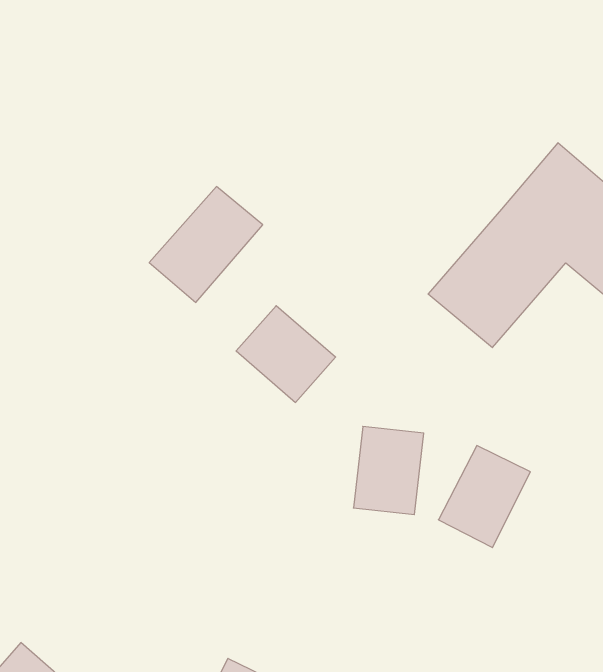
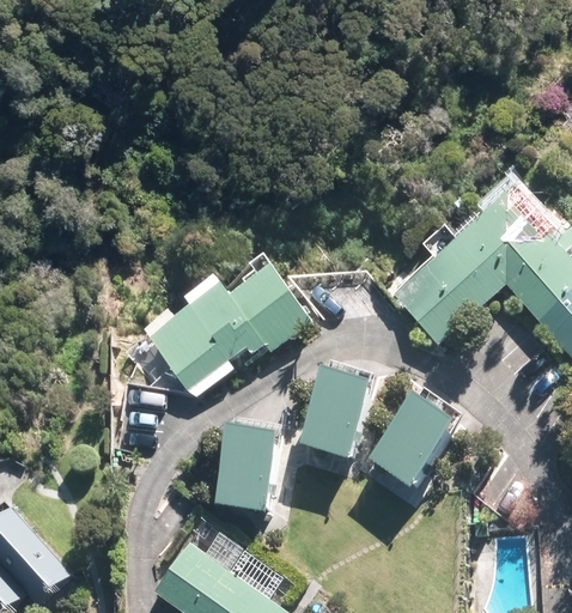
building: [149,187,263,302] -> [153,303,247,390]
building: none -> [220,441,278,509]

